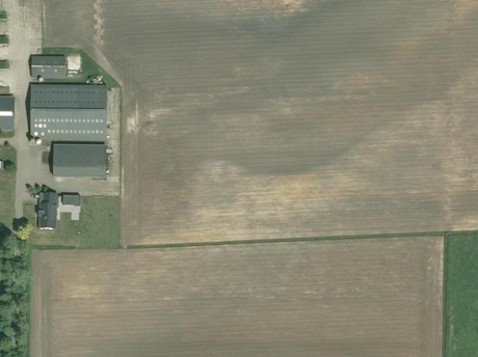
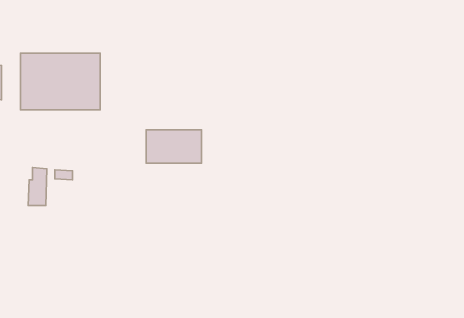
building: [31,56,64,77] -> none
building: [53,144,105,175] -> [146,130,202,163]

